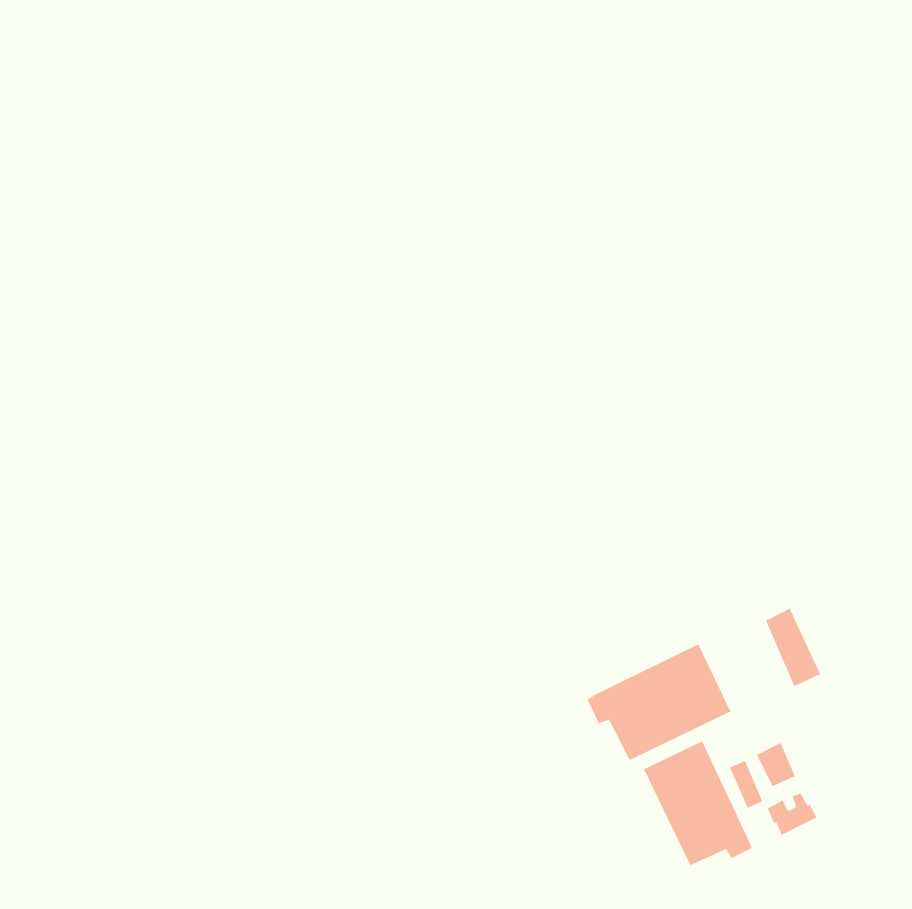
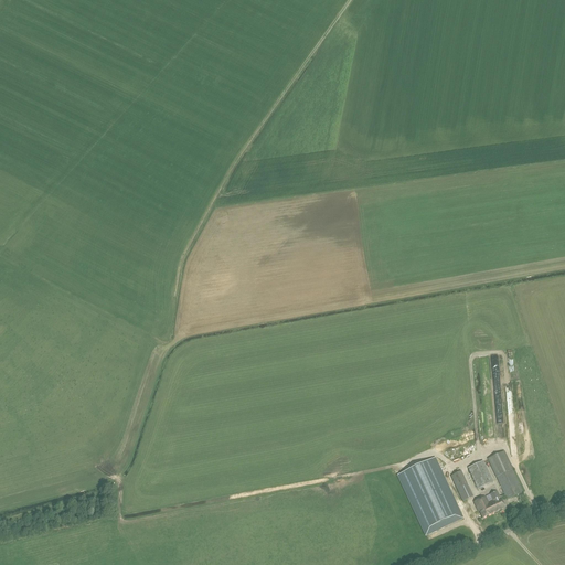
building: [765,608,821,687] -> [487,447,521,495]
building: [587,643,731,761] -> none

